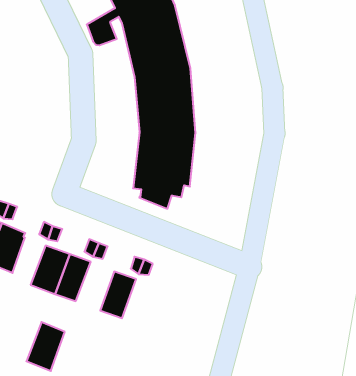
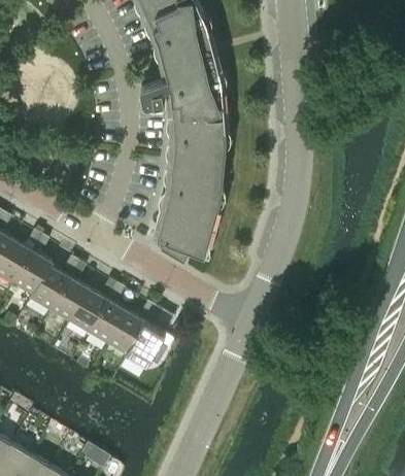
building: none -> [28,266,67,309]
building: none -> [125,320,166,366]
building: [26,322,65,371] -> [86,298,125,343]

